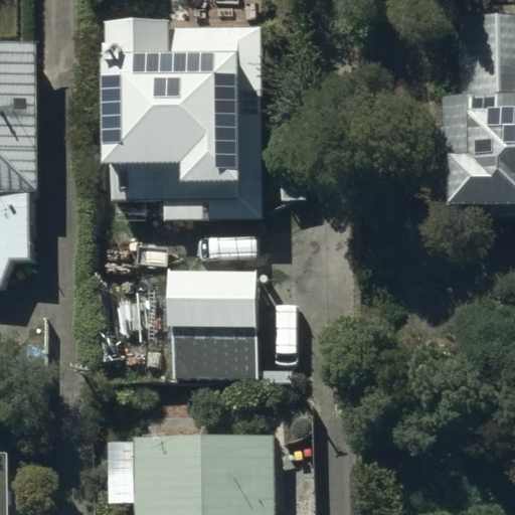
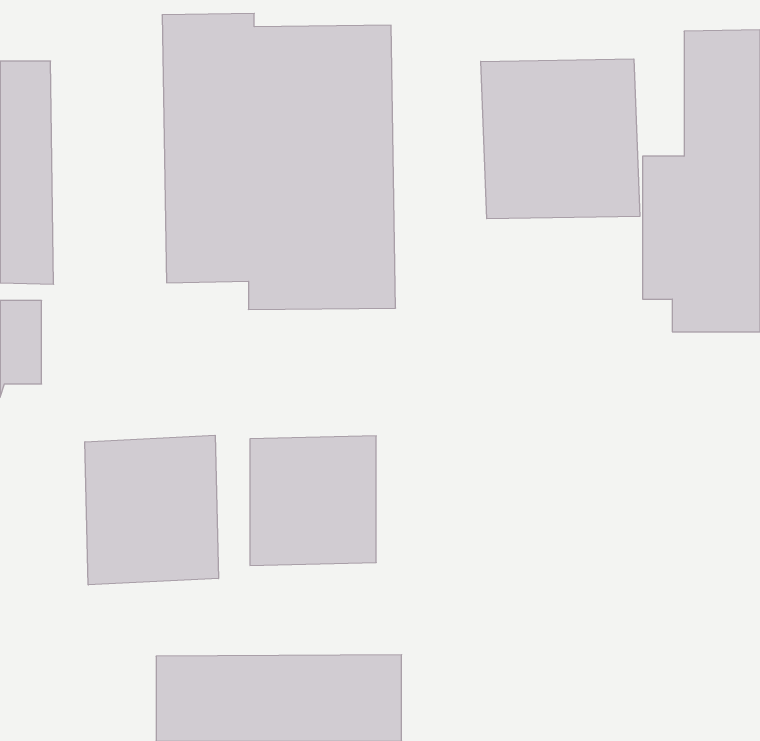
building: none -> [481,59,640,219]
building: none -> [85,435,218,585]

